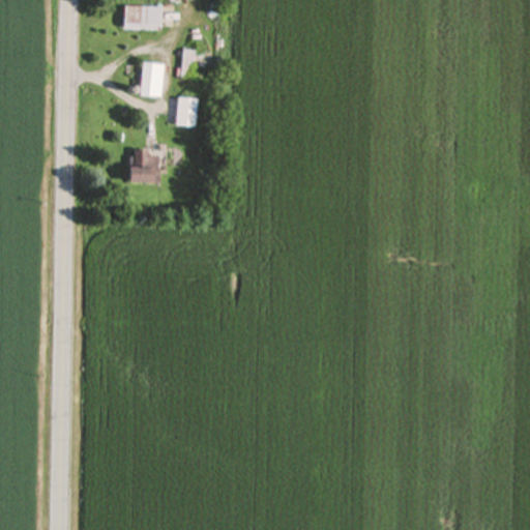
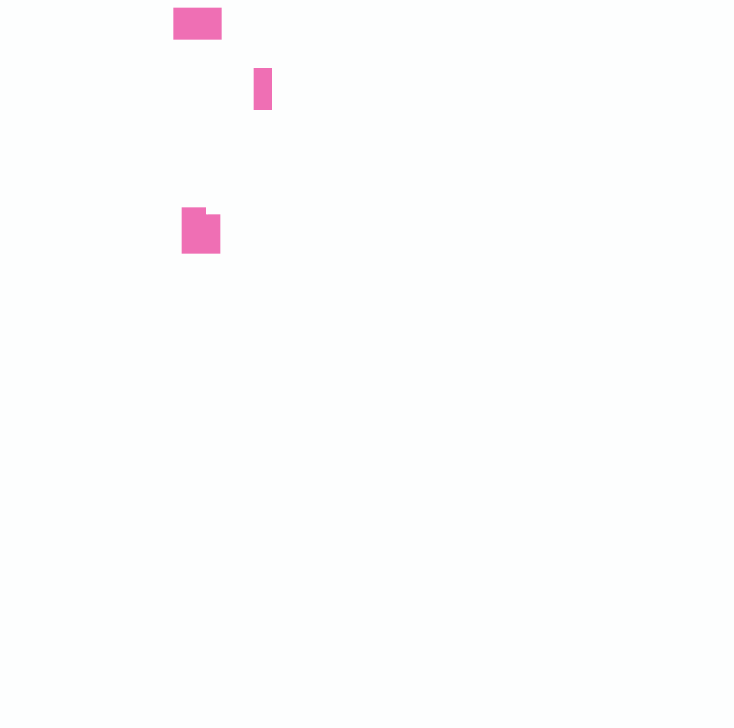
building: [141,62,164,97] -> none
building: [177,97,197,126] -> none

